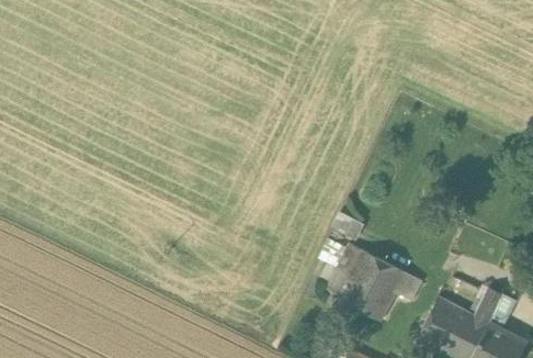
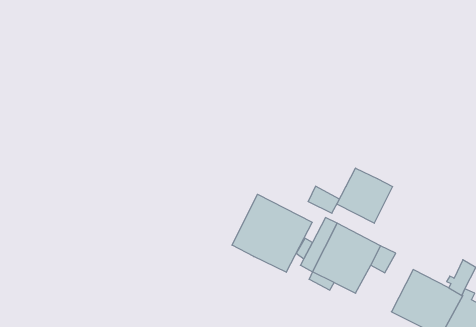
building: none -> [337,168,393,223]
building: none -> [232,194,312,272]

